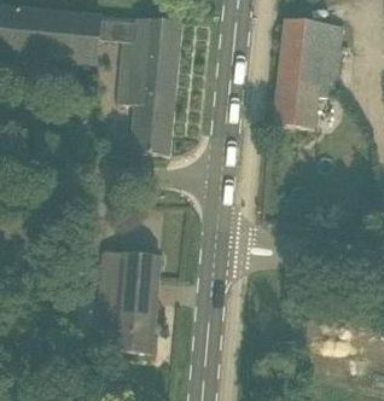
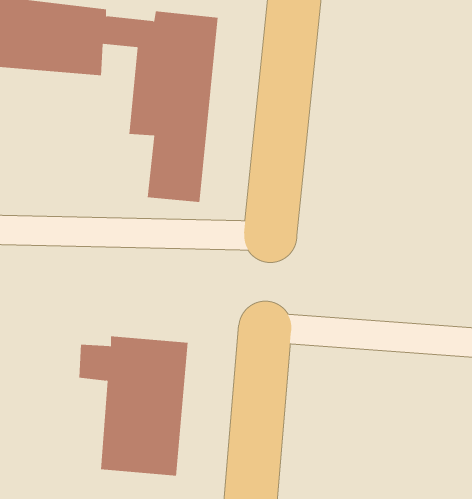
building: [272,18,341,128] -> none

